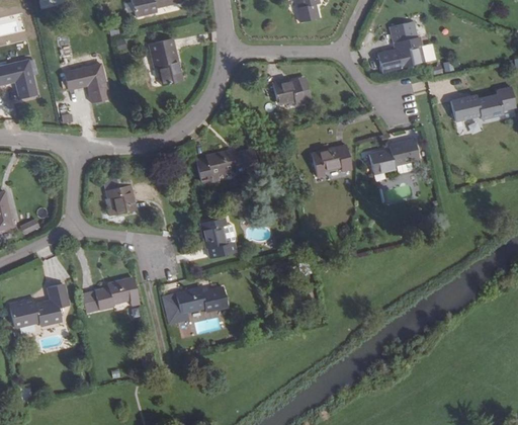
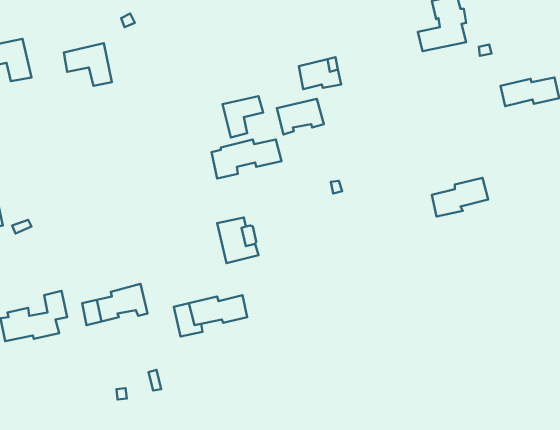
building: [150,40,181,82] -> none
building: none -> [223,96,263,138]
building: [369,139,419,173] -> [432,178,488,217]
building: [311,145,352,176] -> [277,99,324,134]
building: [104,176,136,216] -> none

